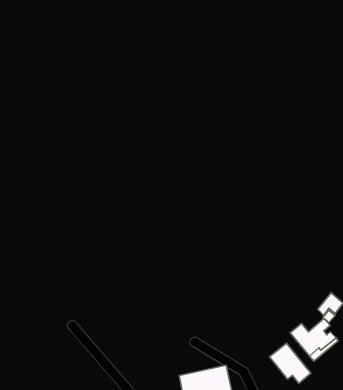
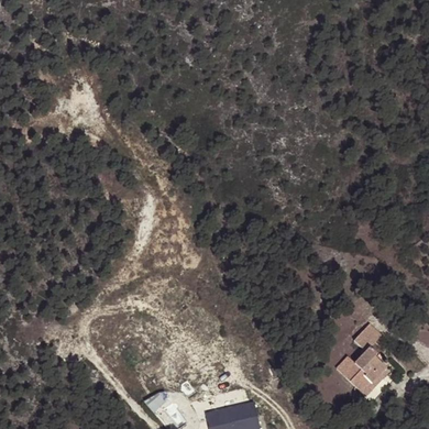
building: [270,343,311,383] -> none

